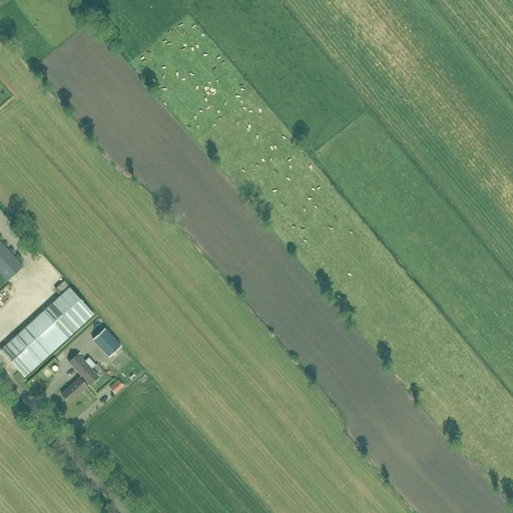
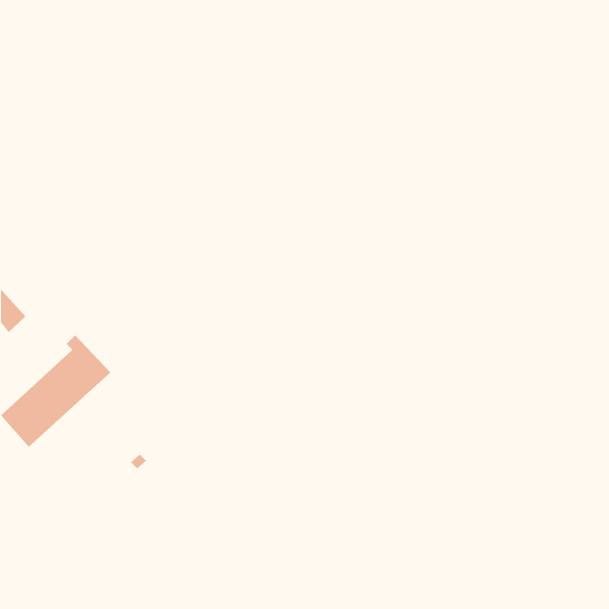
building: [92,330,119,358] -> none
building: [62,353,99,402] -> none

